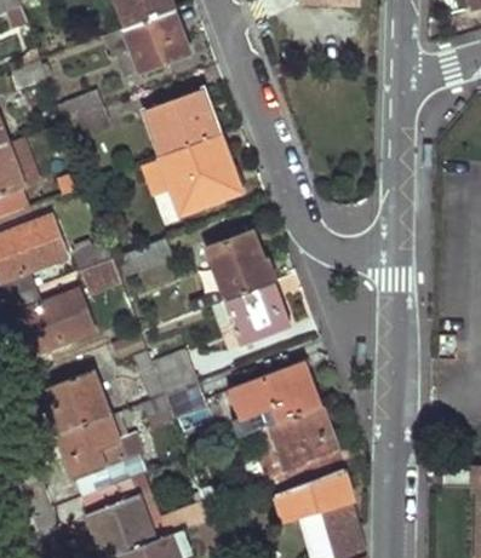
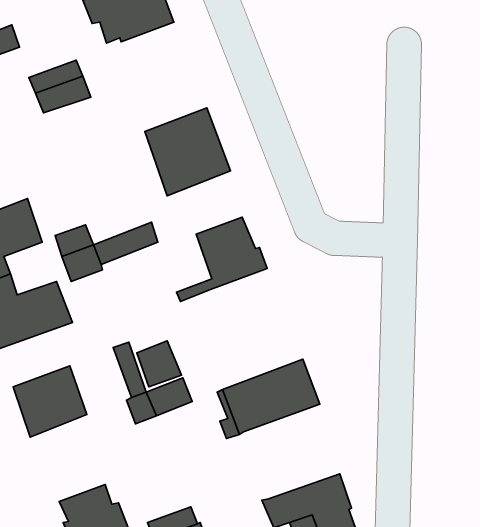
building: [145,87,219,154] -> none
building: [223,280,292,345] -> none
building: [253,404,347,491] -> none
building: [57,414,145,477] -> none

